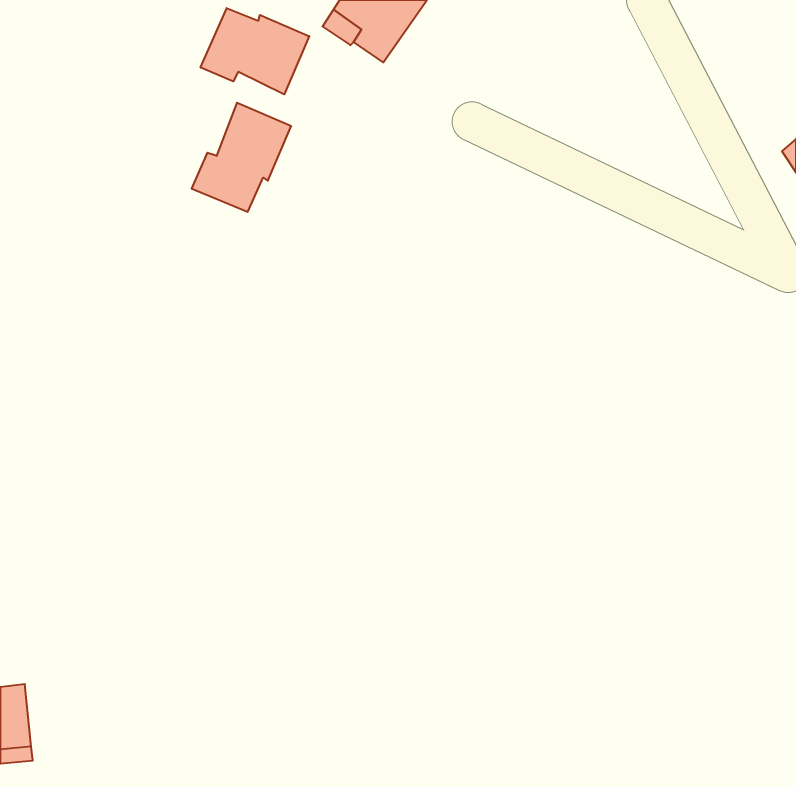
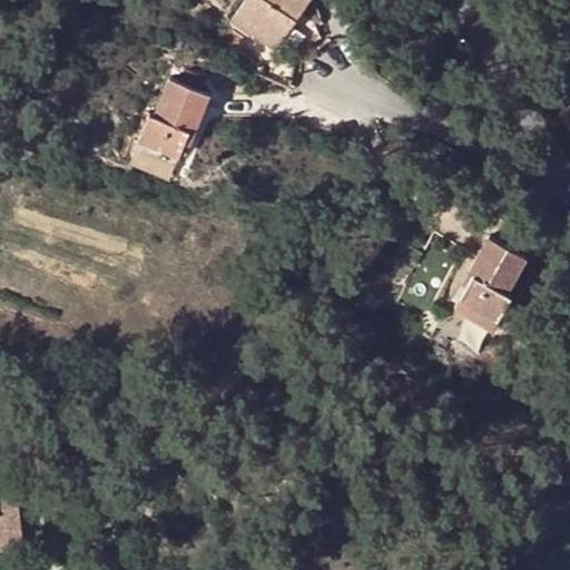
building: [201,8,309,94] -> none
building: none -> [455,238,523,330]

